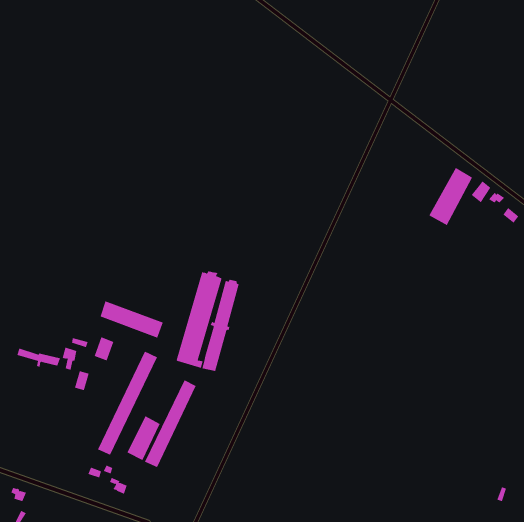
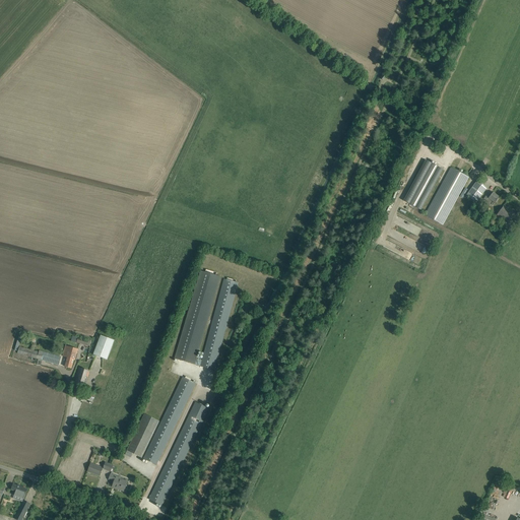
building: none -> [403,159,443,209]
building: [100,301,163,339] -> none
building: [97,351,158,456] -> [148,401,208,505]

